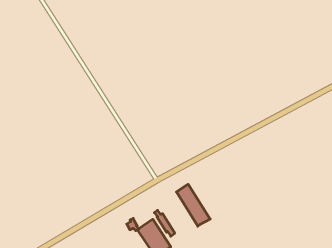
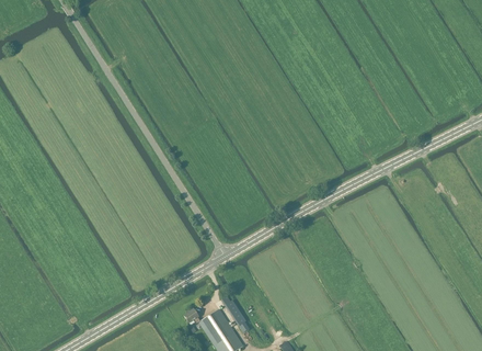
building: [176,184,210,226] -> none

